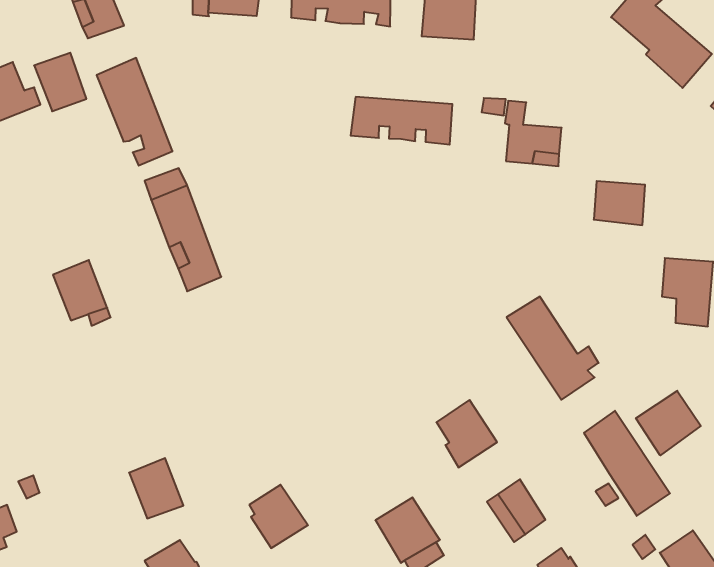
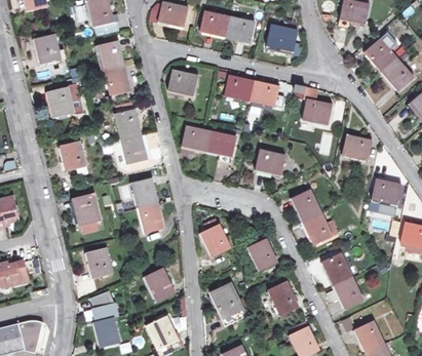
building: [34,53,86,111] -> [48,87,73,116]
building: none -> [167,70,197,94]
building: none -> [181,125,235,157]
building: none -> [255,150,284,175]
building: none -> [132,177,164,232]
building: none -> [74,194,101,232]
building: none -> [201,219,230,256]
building: [636,391,701,455] -> none

